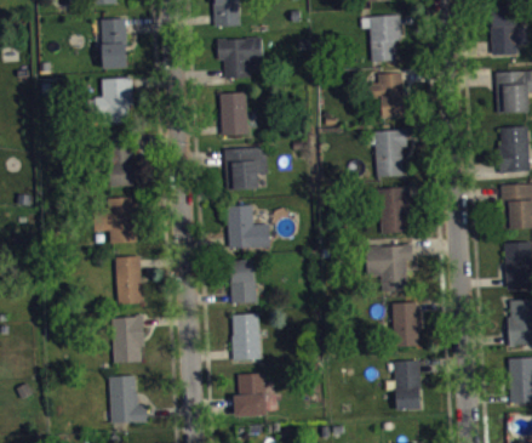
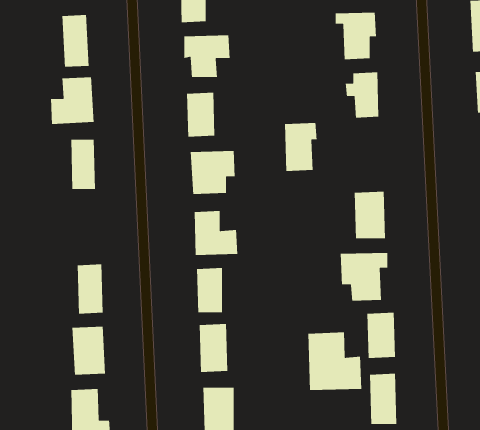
building: [376,130,407,177] -> [284,122,317,172]
building: [95,197,138,243] -> none
building: none -> [307,332,362,391]

